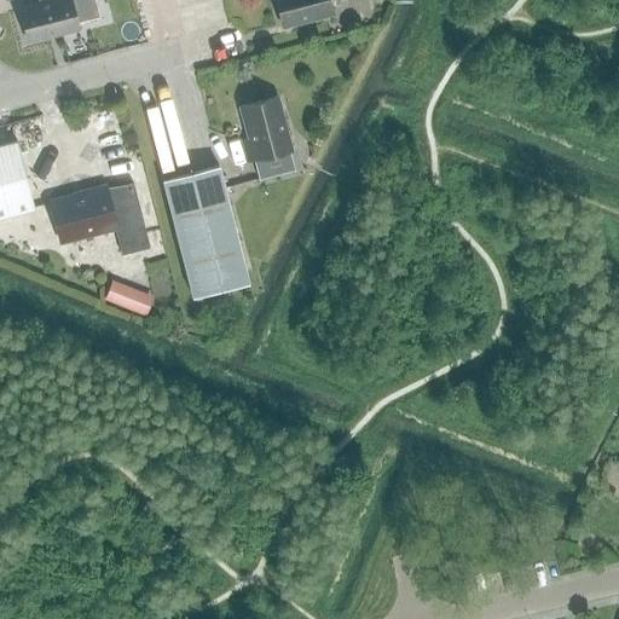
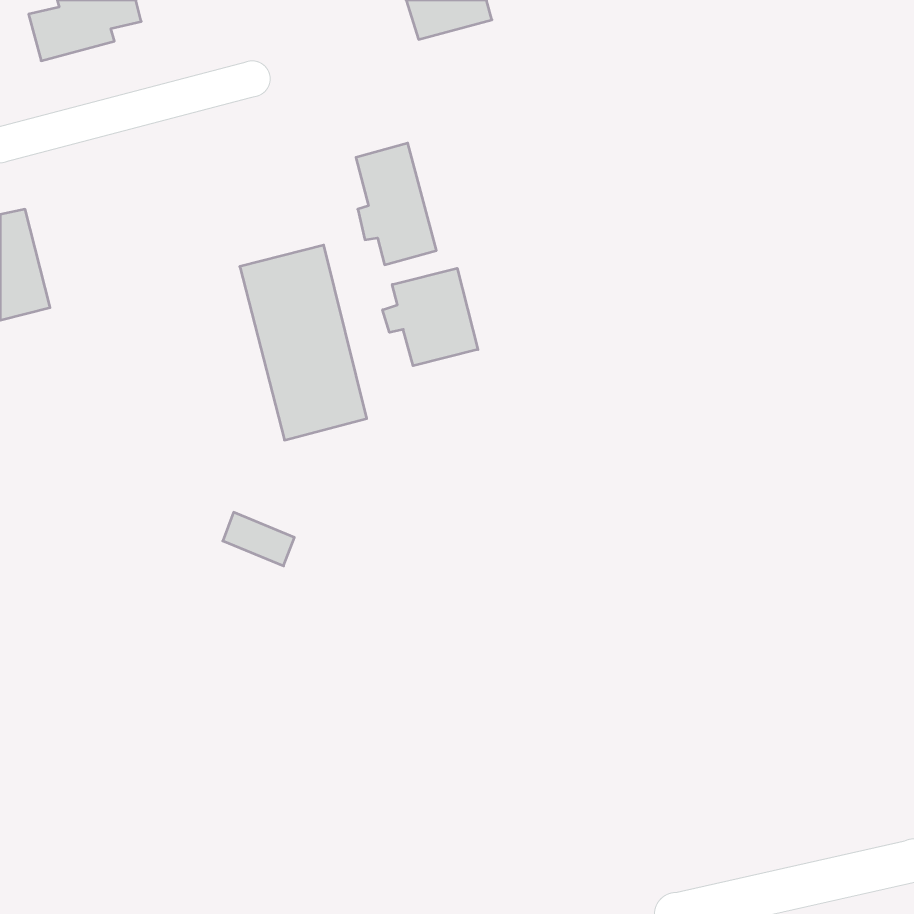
building: none -> [383,268,478,366]
building: [50,184,150,255] -> none
building: [104,279,152,316] -> [223,512,294,566]

